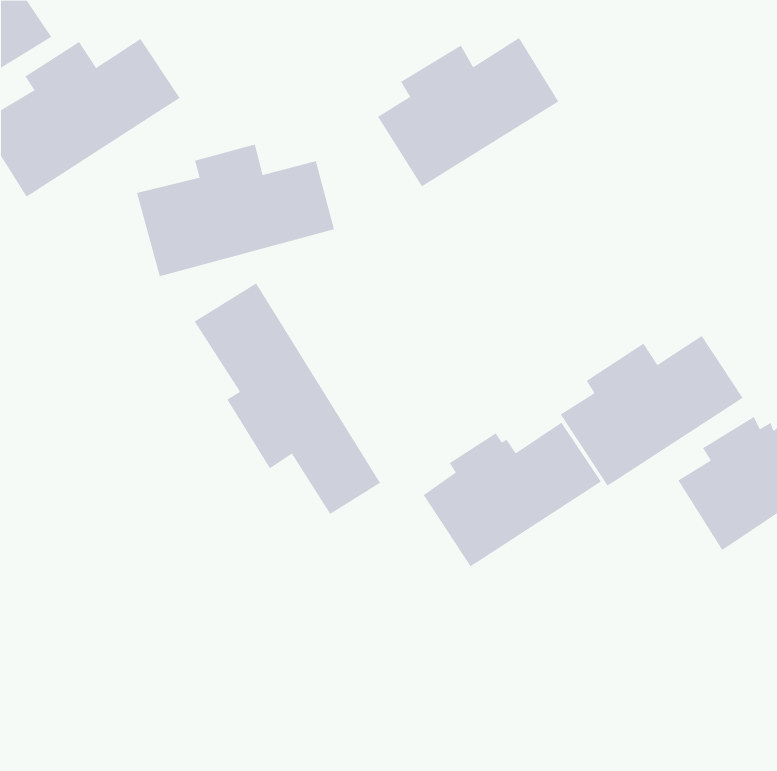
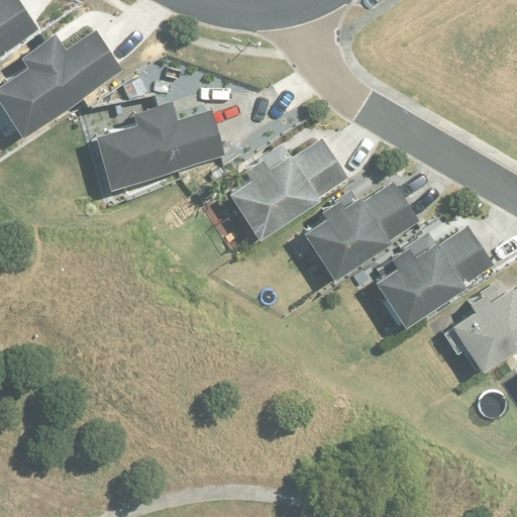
building: [377,37,559,187] -> [228,140,348,239]
building: [194,283,381,515] -> none
building: [423,422,602,567] -> [302,184,420,280]

